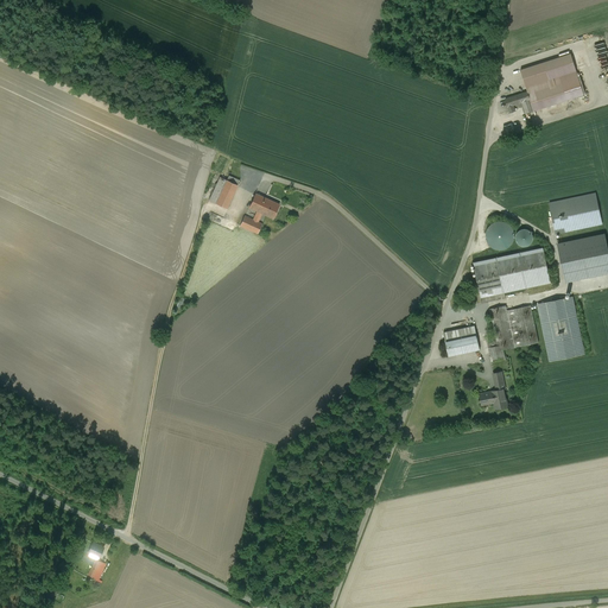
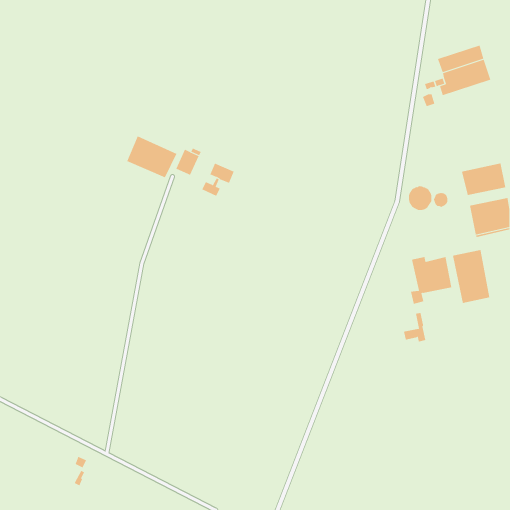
building: none -> [126,136,177,178]
building: [474,248,550,297] -> none
building: [443,325,480,356] -> none

